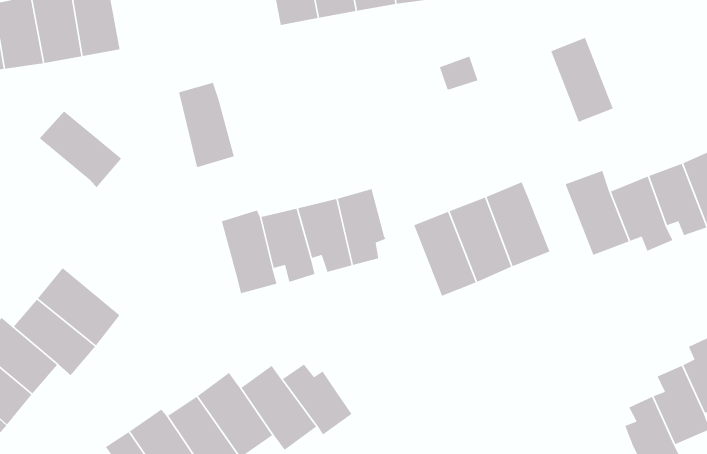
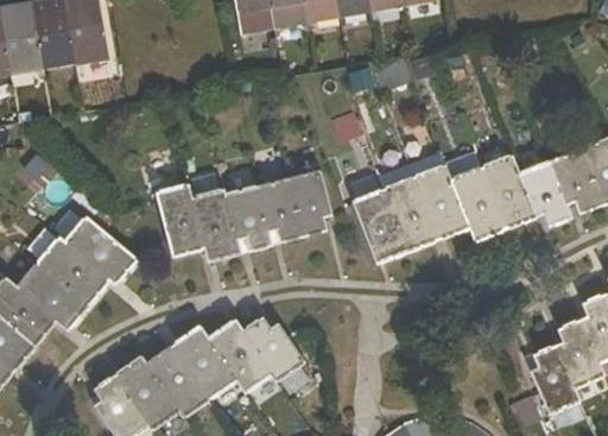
building: [550,37,614,123] -> [451,168,505,240]
building: [178,82,235,168] -> [158,184,205,257]
building: [39,110,122,188] -> [65,219,135,284]

